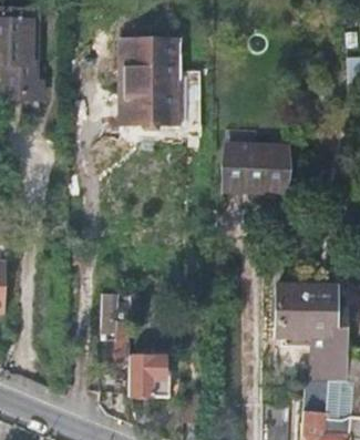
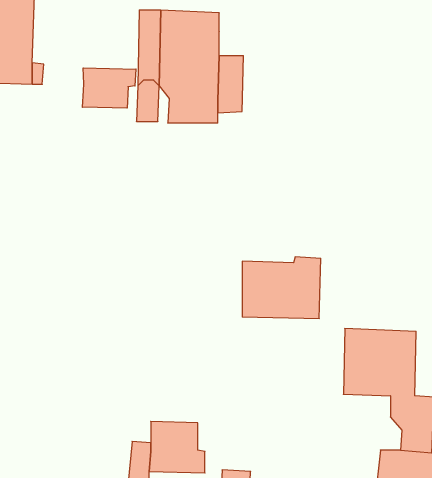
building: none -> [82,68,136,108]
building: [225,146,286,194] -> [242,257,321,318]
building: [100,295,128,362] -> none

